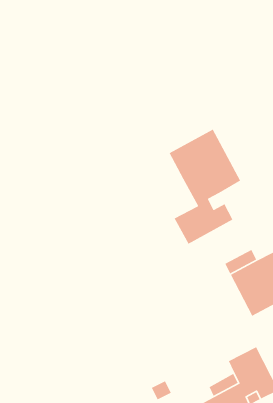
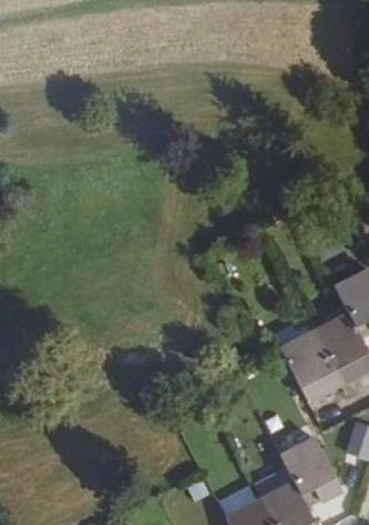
building: [169,129,241,245] -> none

